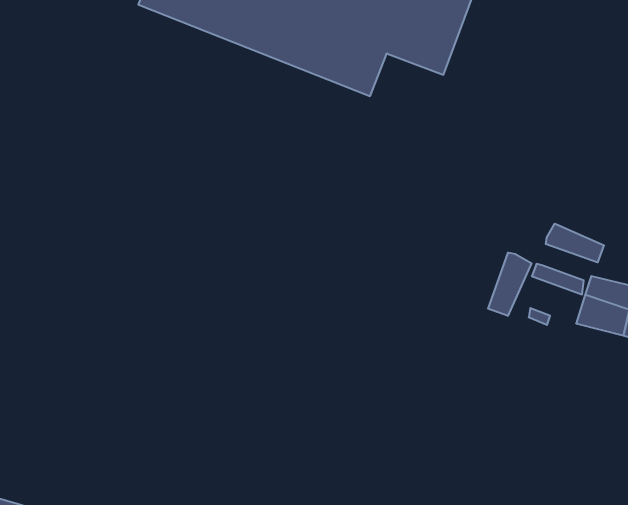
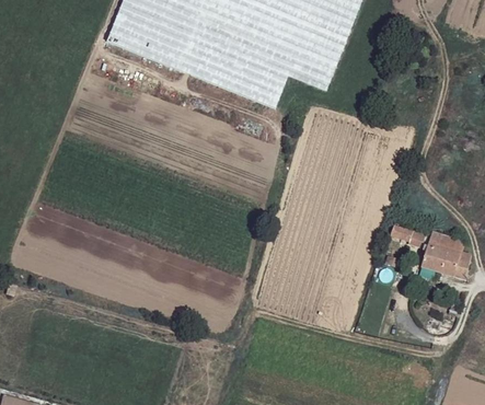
building: [546,224,604,262] -> none
building: [488,253,531,316] -> none

